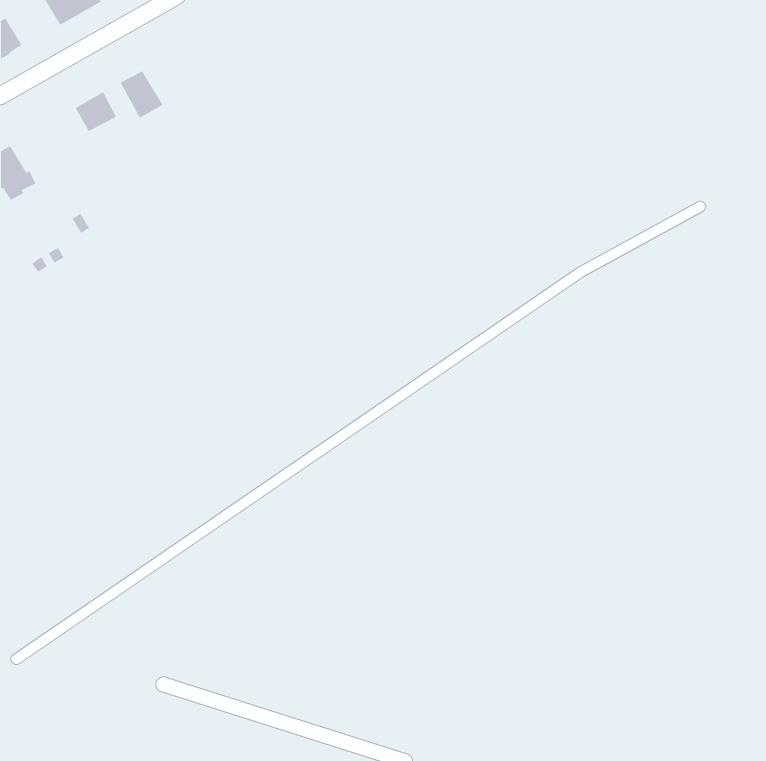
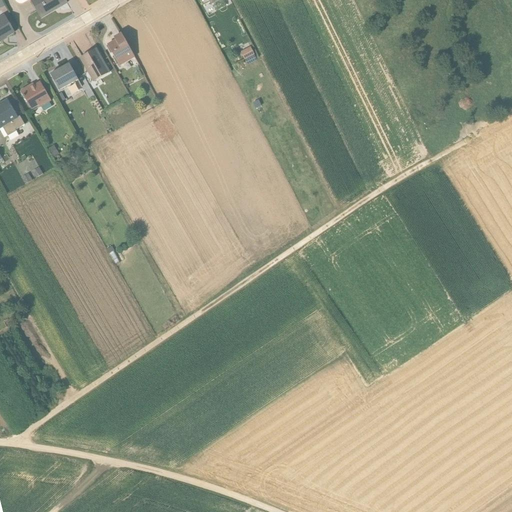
building: none -> [107,31,135,64]
building: none -> [20,80,51,109]

